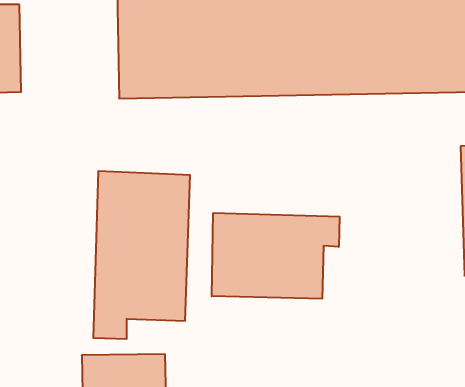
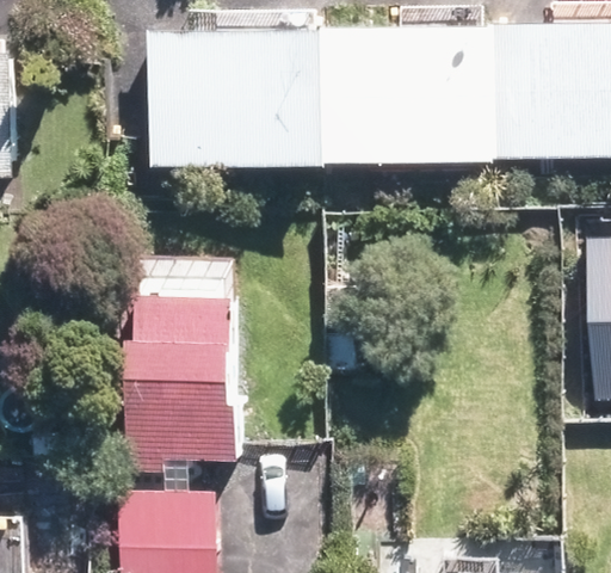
building: [212,213,340,299] -> none

